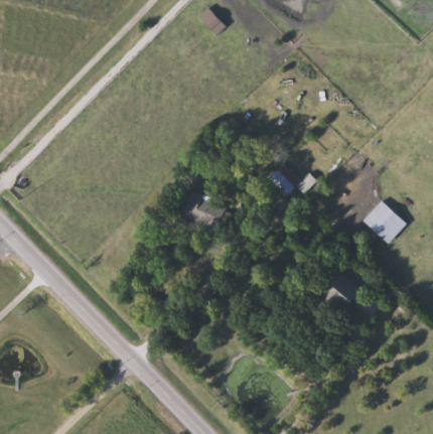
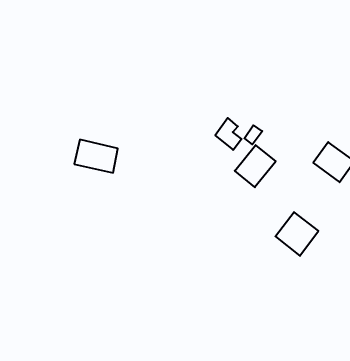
building: [180,192,227,231] -> [74,140,118,173]
building: none -> [235,145,276,187]

